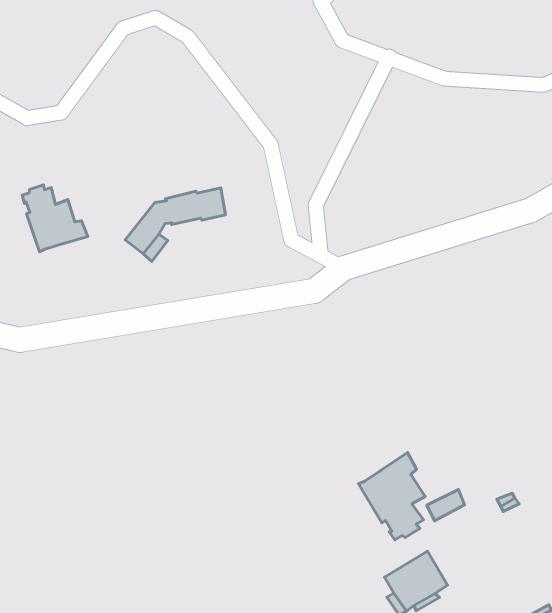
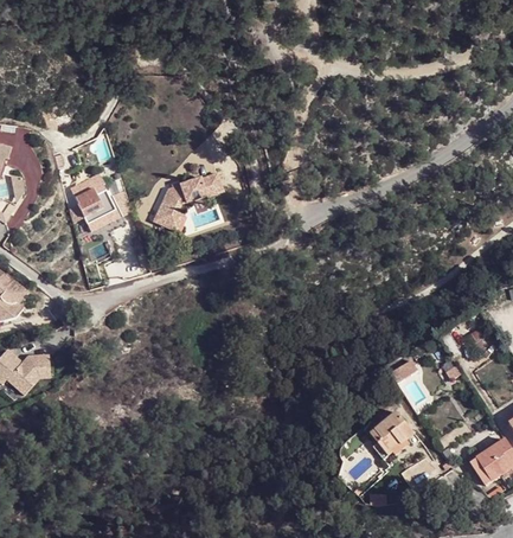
building: [358,452,425,540] -> none

